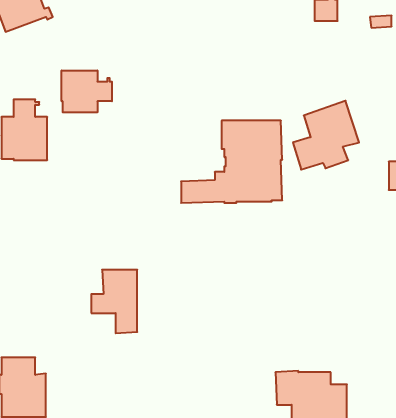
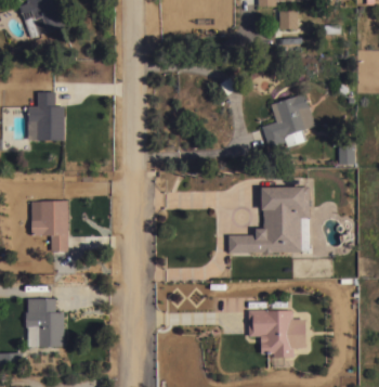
building: [62,70,112,112] -> none
building: [181,121,282,203] -> [228,188,310,254]
building: [91,270,137,333] -> [31,202,68,253]

